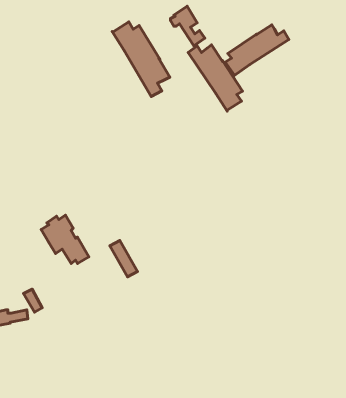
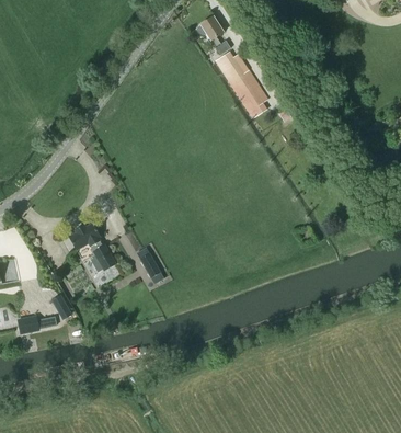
building: [112,22,170,96] -> none
building: [225,25,289,76] -> none

